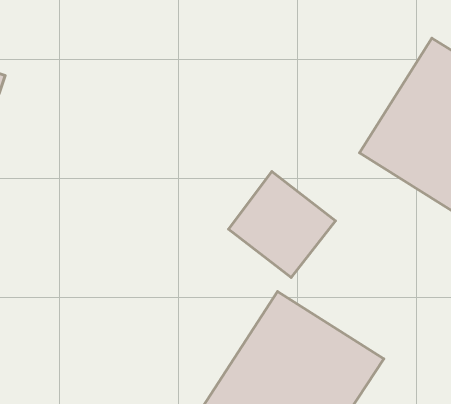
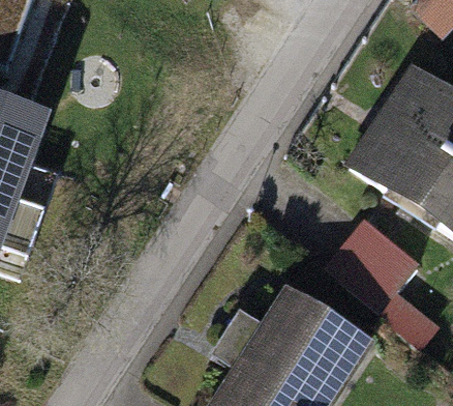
building: [228,171,336,278] -> [327,221,419,312]

